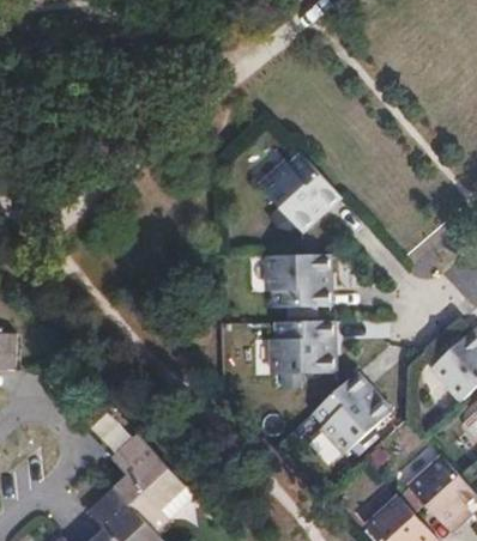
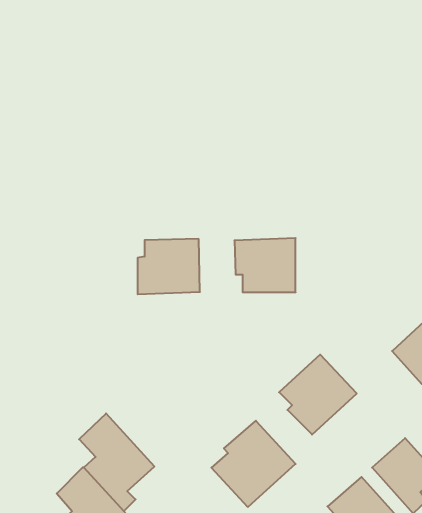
building: [258,156,338,232] -> none
building: [270,321,333,377] -> [138,239,200,294]
building: none -> [211,421,296,507]

